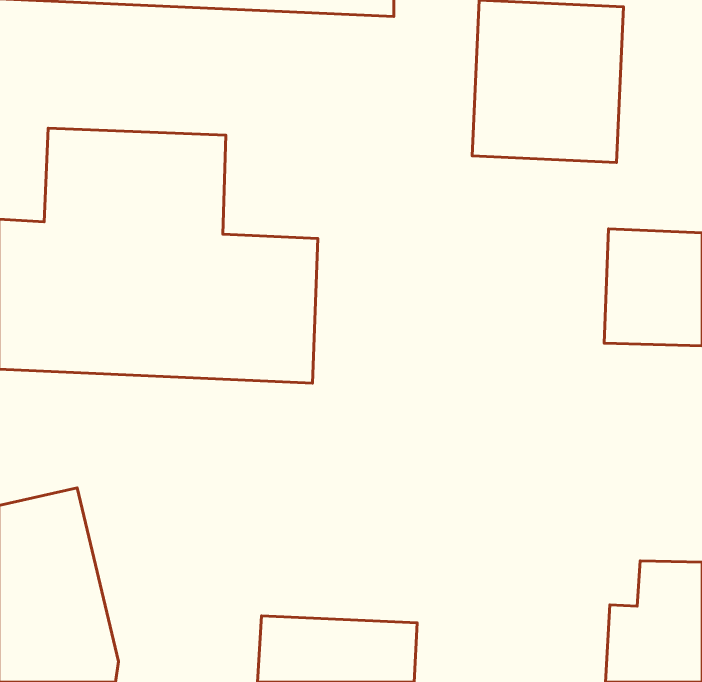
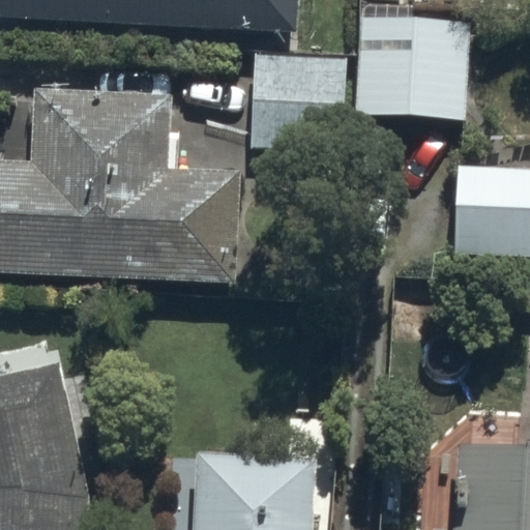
building: none -> [249,55,343,152]

